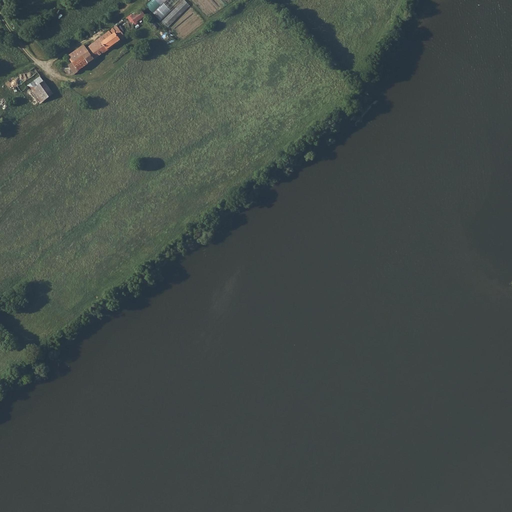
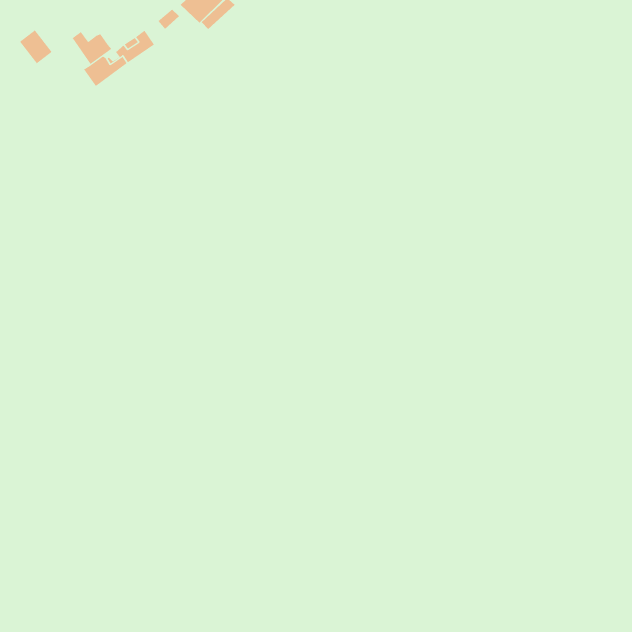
building: none -> [72,31,112,65]
building: [24,76,51,104] -> [19,30,53,64]

